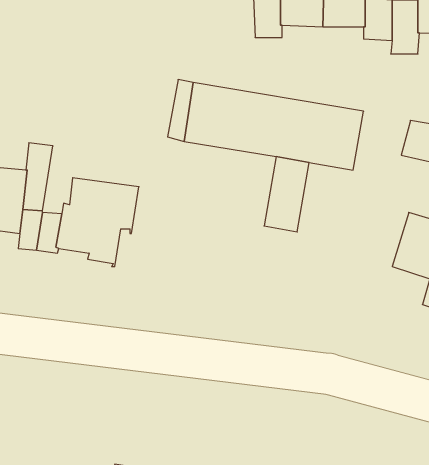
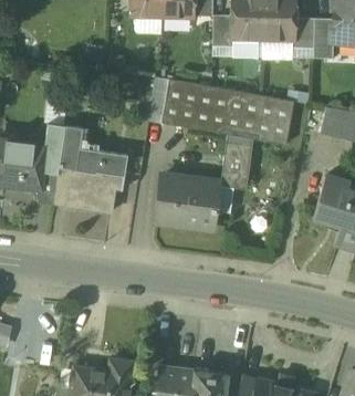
building: none -> [56,126,82,176]
building: none -> [154,175,219,228]

